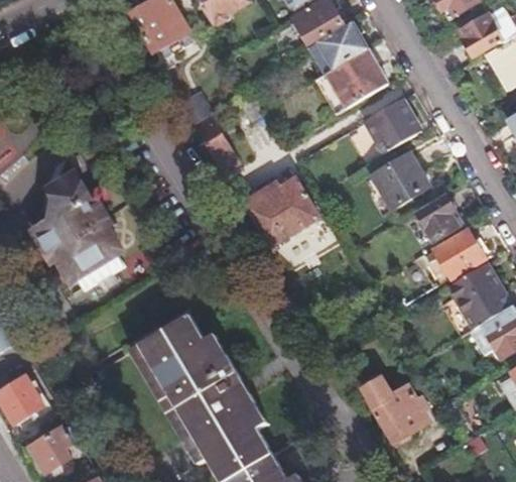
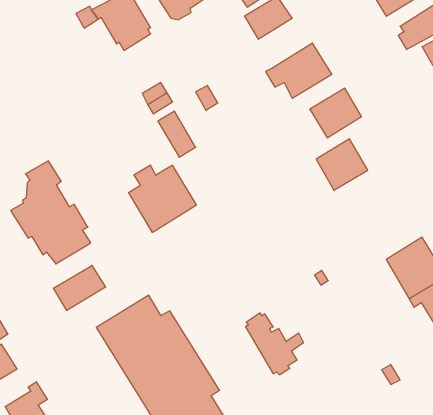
building: [308,21,367,75] -> none
building: [246,171,320,245] -> [128,165,196,232]
building: [418,196,459,239] -> none
building: [424,229,485,279] -> none
building: none -> [54,265,106,311]
building: [364,376,427,444] -> [246,313,304,375]

